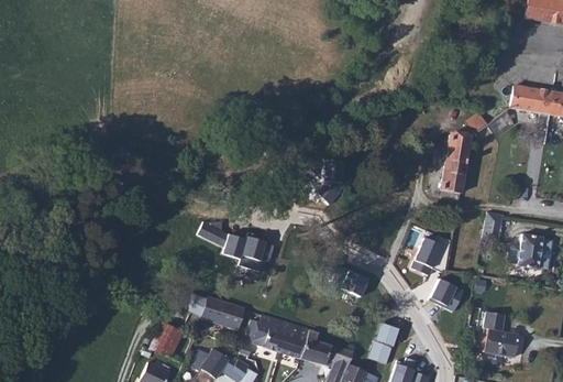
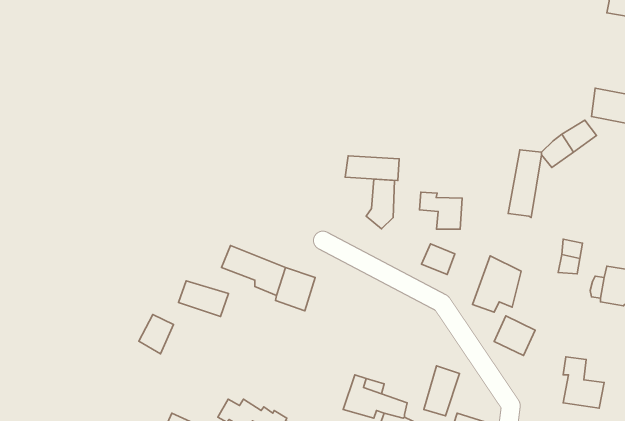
building: none -> [345,156,399,181]
building: none -> [419,192,462,229]
building: [339,271,367,297] -> [422,244,455,274]
building: [201,298,244,329] -> [178,281,228,316]
building: [253,318,308,359] -> none
building: [151,323,180,357] -> [139,314,173,354]

